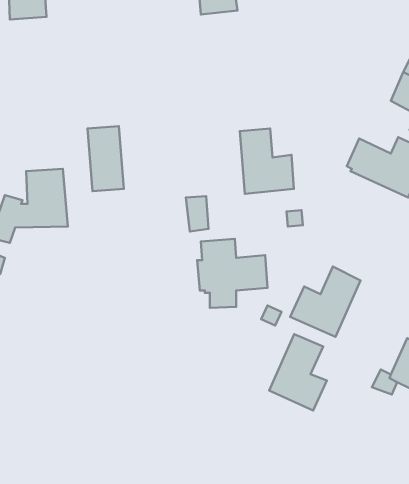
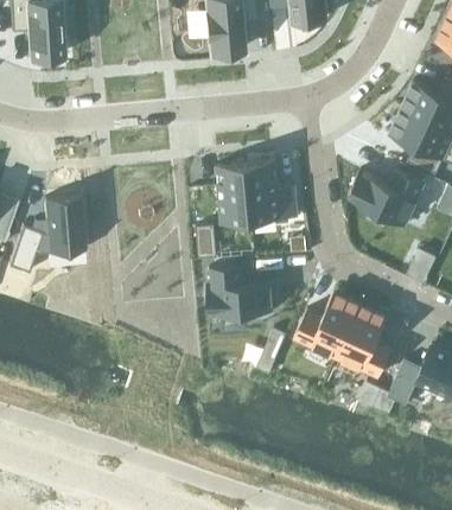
building: [87,126,124,191] -> [217,162,252,224]
building: [269,334,327,411] -> [337,304,391,376]

